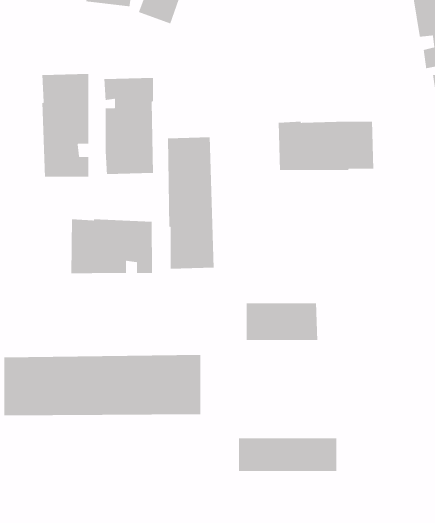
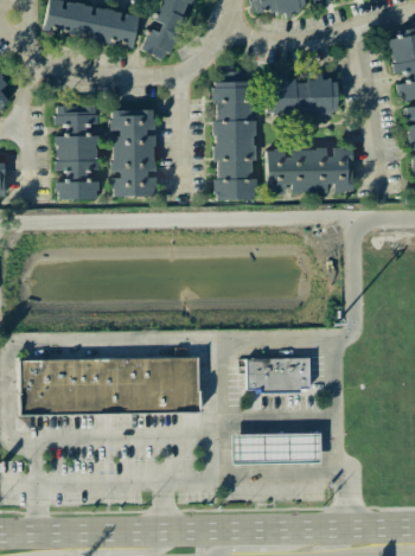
building: none -> [267,72,338,115]
building: [167,136,215,270] -> [213,79,256,199]
building: [71,218,153,274] -> none
building: [246,302,318,341] -> [245,357,311,391]

